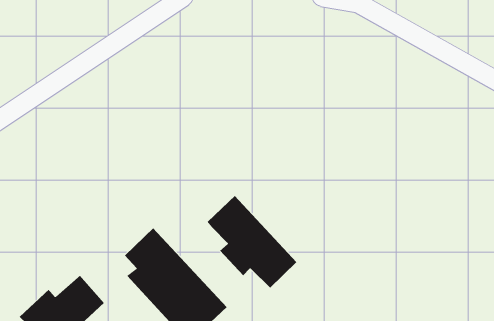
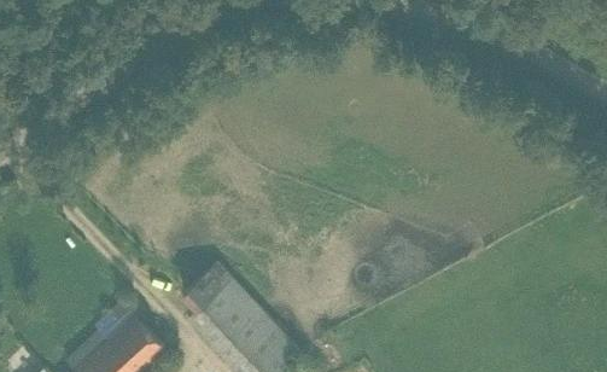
building: [207,195,297,289] -> none

